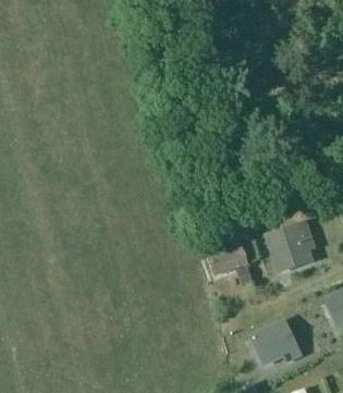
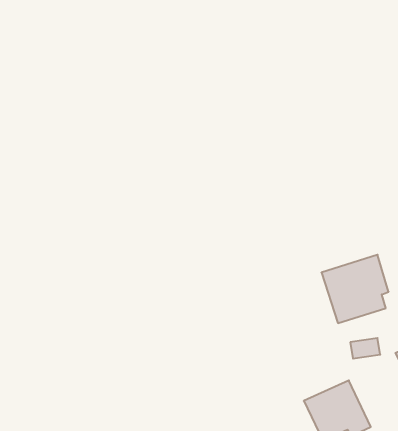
building: [205,244,247,275] -> none

